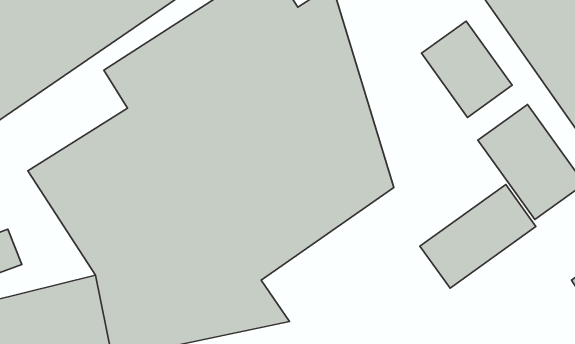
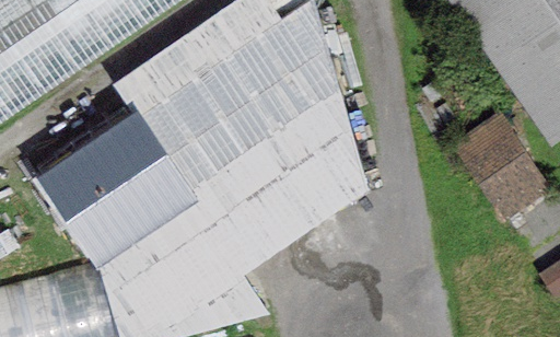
building: [422,21,512,117] -> none
building: [420,185,536,288] -> none

